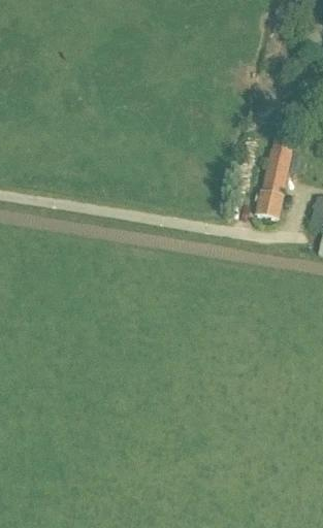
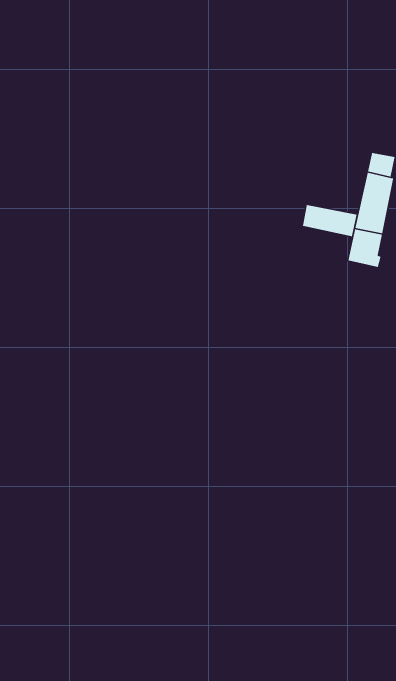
building: none -> [302,204,358,237]

